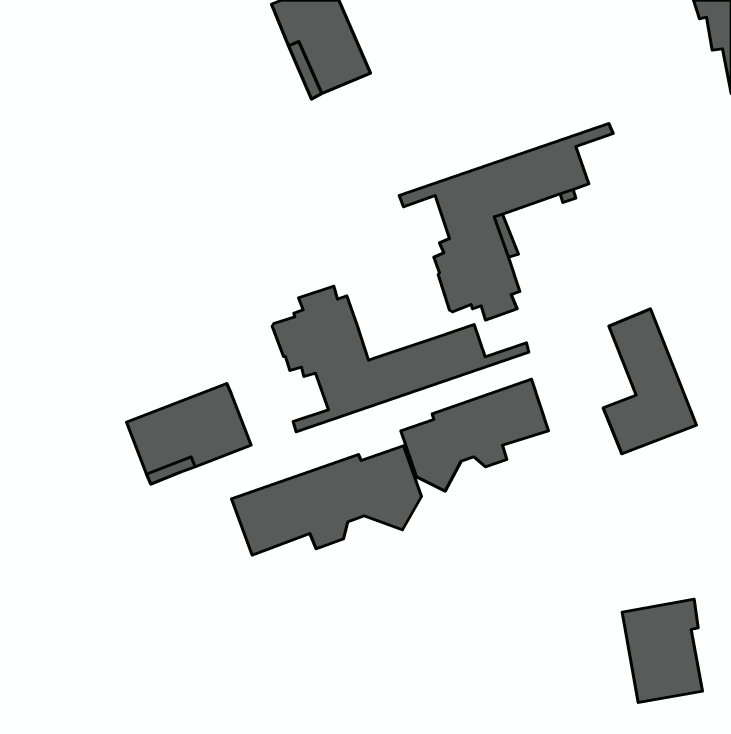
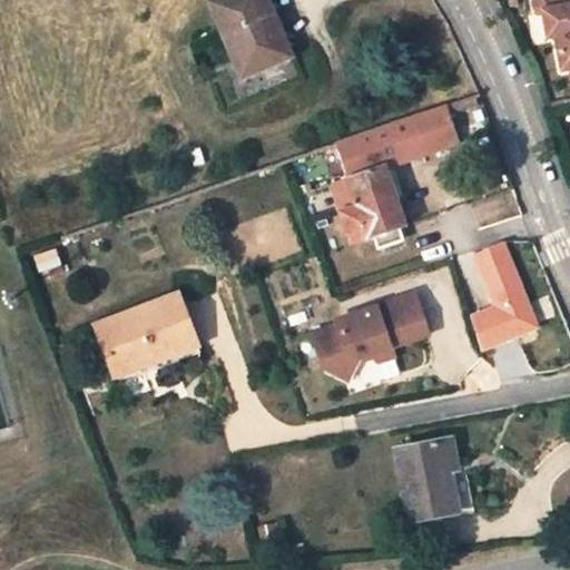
building: [272,286,529,432] -> none
building: [232,446,421,555] -> none
building: [622,599,703,703] -> [393,439,455,519]

